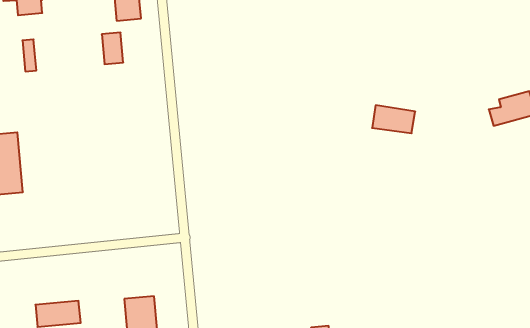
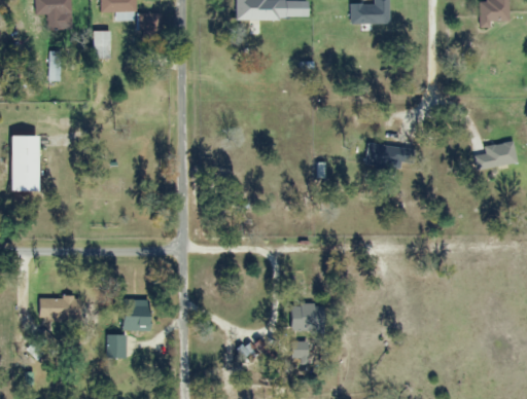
building: [102,33,123,64] -> [94,32,111,60]
building: none -> [291,303,324,331]

